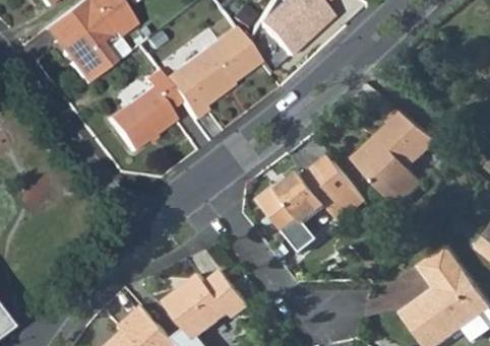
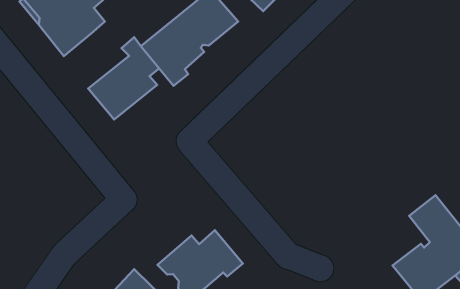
building: [359,103,442,201] -> none
building: [256,153,364,251] -> none

